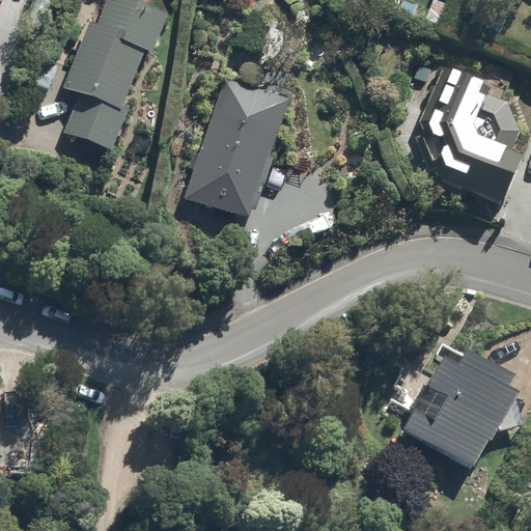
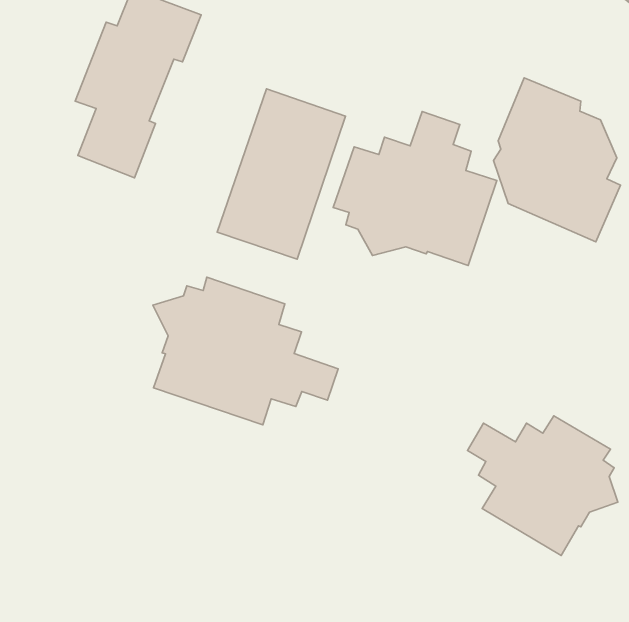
building: none -> [333,112,497,265]
building: none -> [153,277,338,425]

